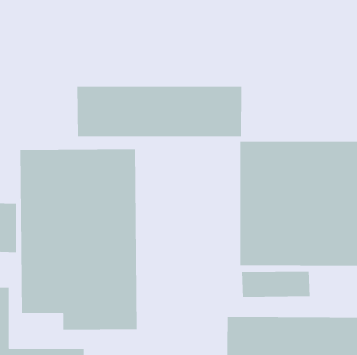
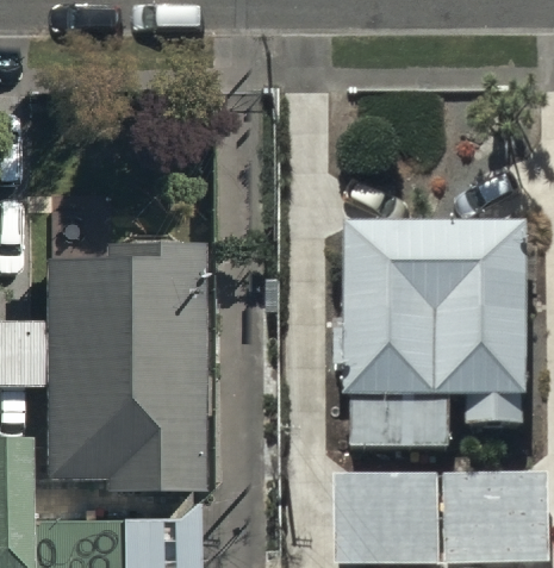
building: [76,86,242,137] -> none

